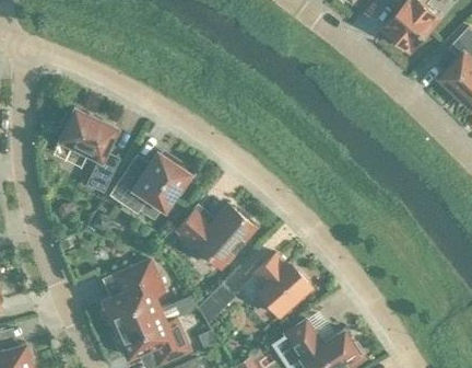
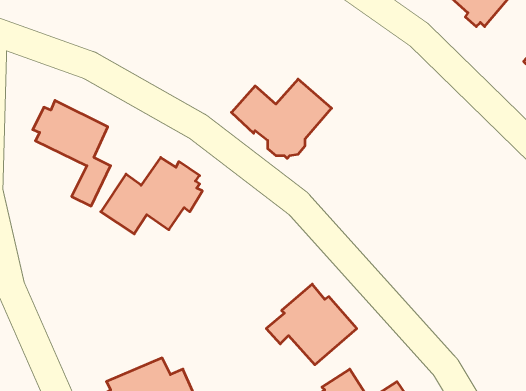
building: [176,205,255,267] -> [231,79,332,158]
building: [102,261,166,330] -> none
building: [197,284,235,324] -> none

